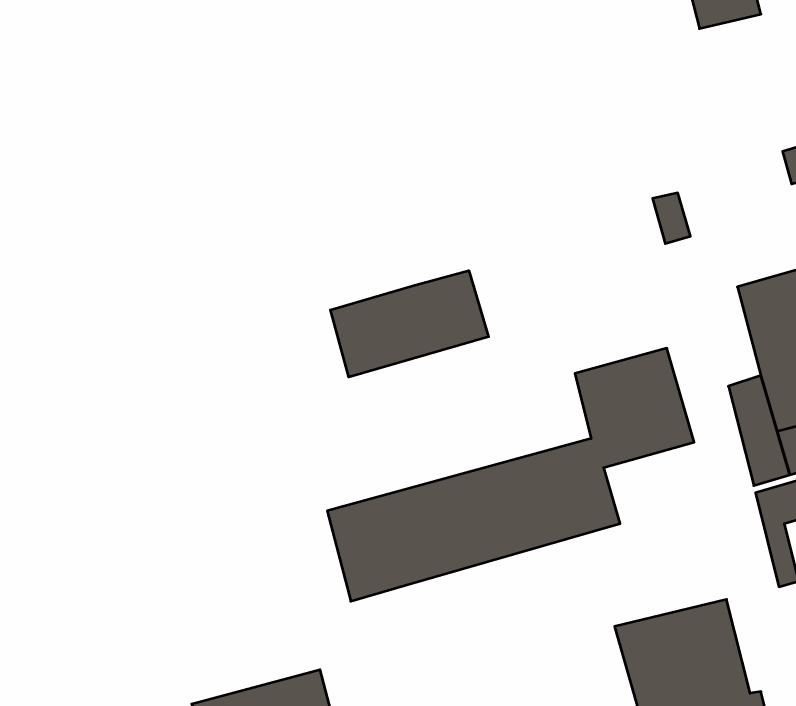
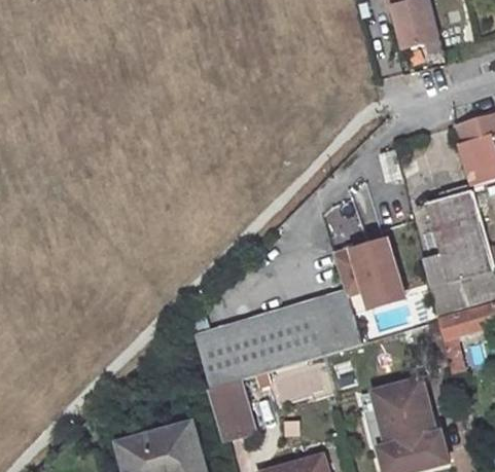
building: [330,271,489,377] -> none
building: none -> [208,373,253,434]

